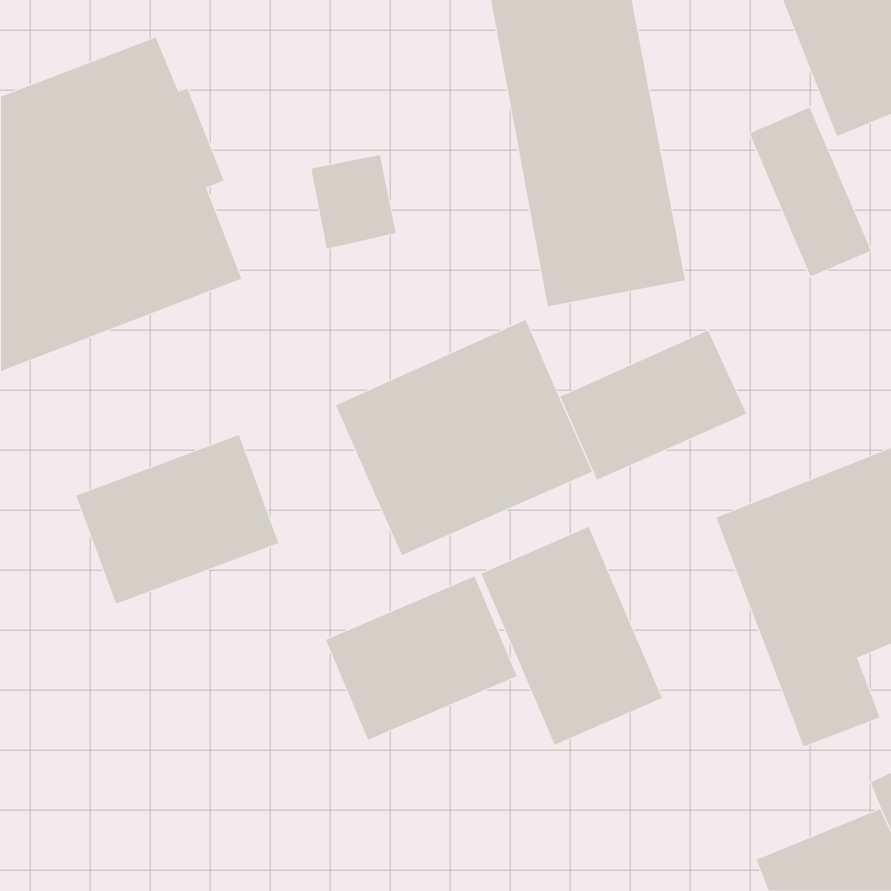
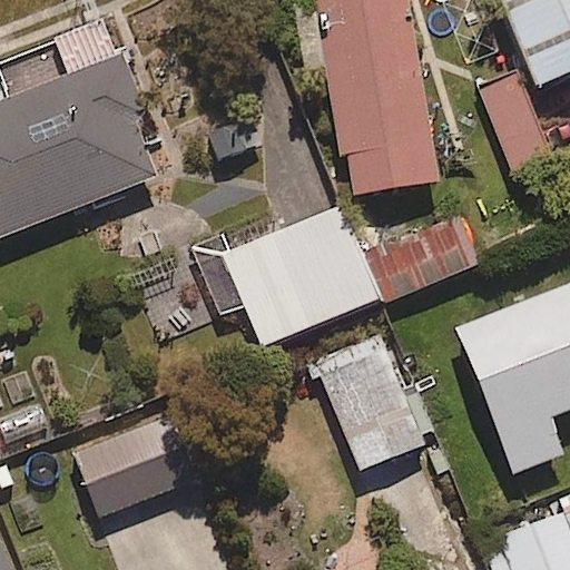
building: [76,434,279,605] -> none
building: [325,575,517,741] -> none
building: none -> [69,411,196,517]

